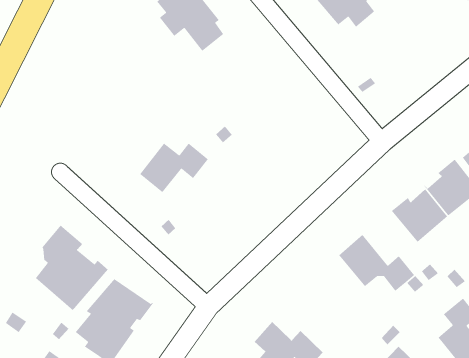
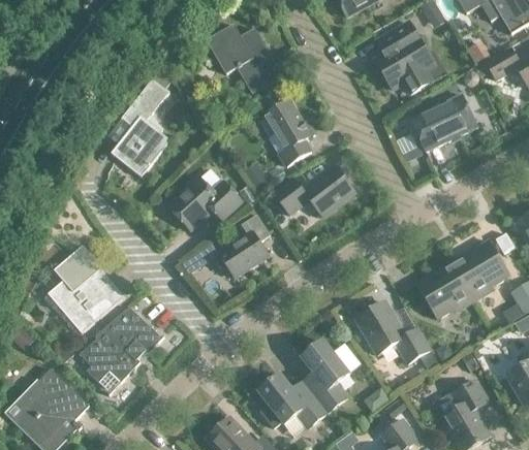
building: none -> [409,94,476,151]
building: none -> [115,78,169,176]
building: none -> [263,100,314,165]
building: none -> [273,165,351,216]
building: none -> [218,214,270,277]
building: none -> [301,340,356,413]

